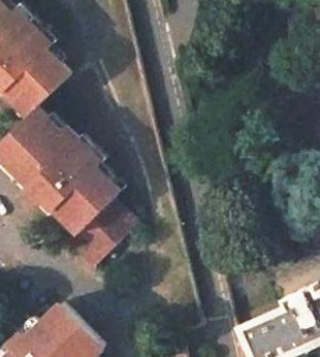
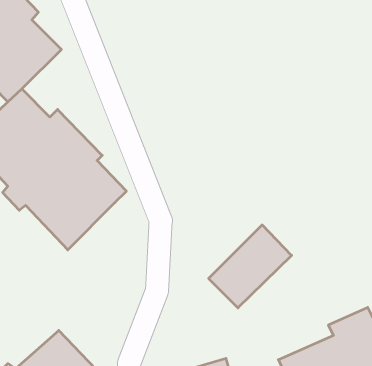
building: [64,199,131,266] -> [209,225,292,308]

